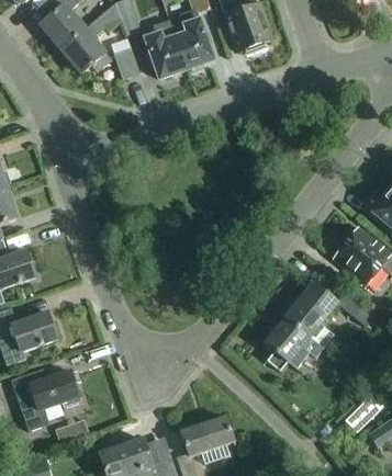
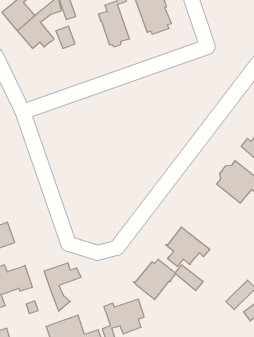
building: [145,32,187,78] -> none
building: [280,282,376,337] -> [133,259,203,299]
building: none -> [44,263,81,311]

